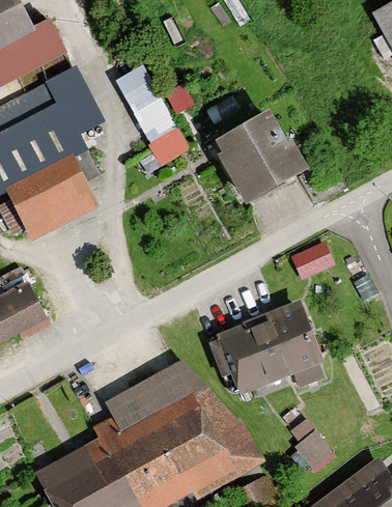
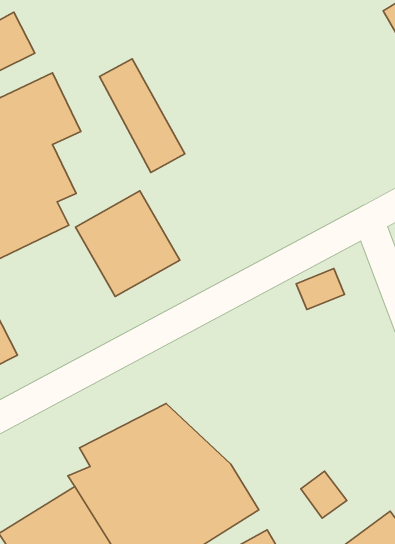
building: [204,109,297,202] -> [75,191,180,296]
building: [216,305,328,394] -> none

